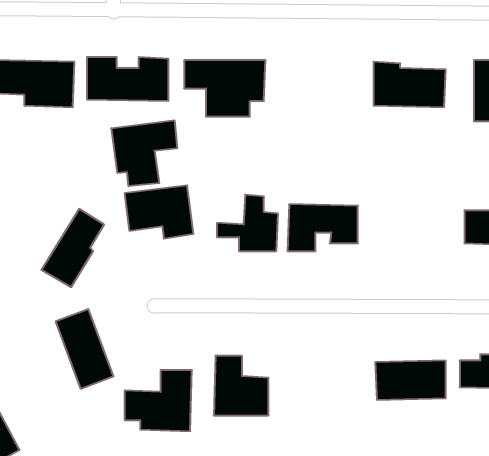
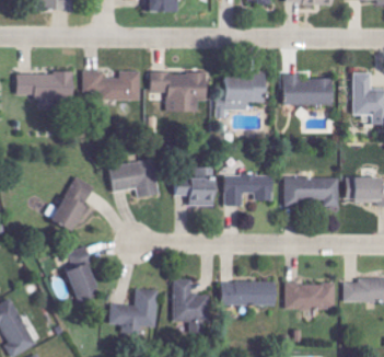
building: none -> [214,76,266,118]
building: [112,120,177,186] -> none
building: none -> [283,177,337,206]
building: none -> [219,281,276,306]

